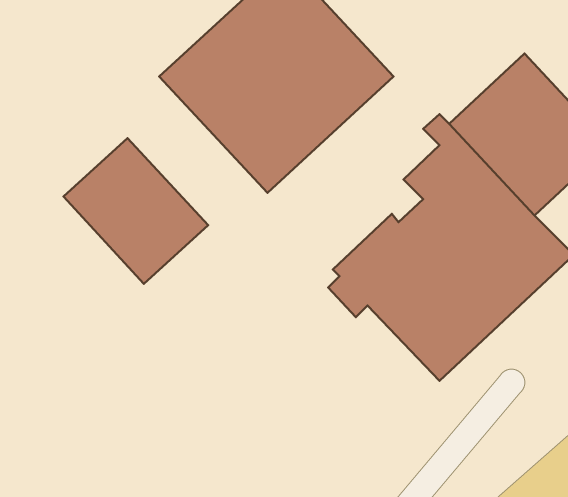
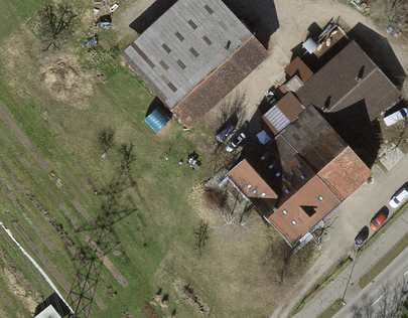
building: [63,138,208,284] -> none

